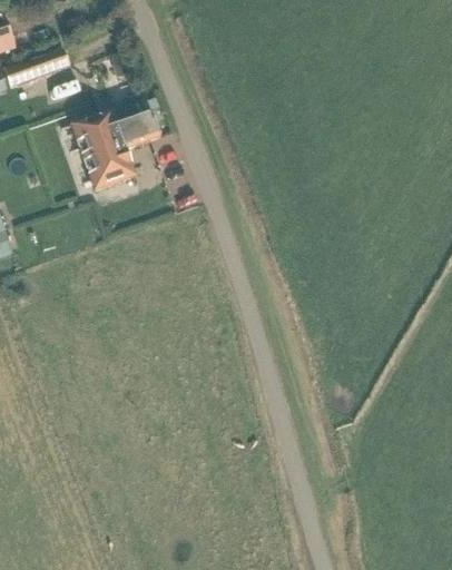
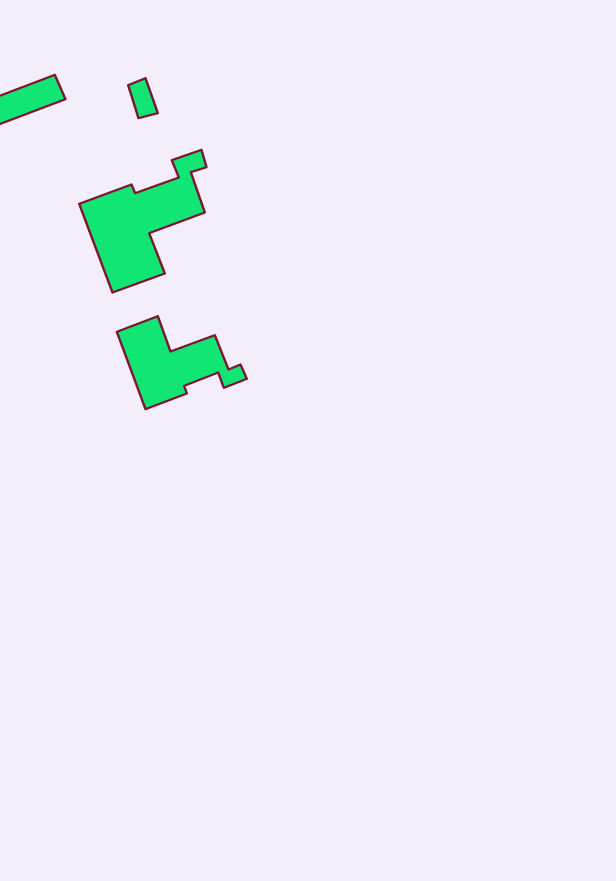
building: none -> [117,316,247,409]

